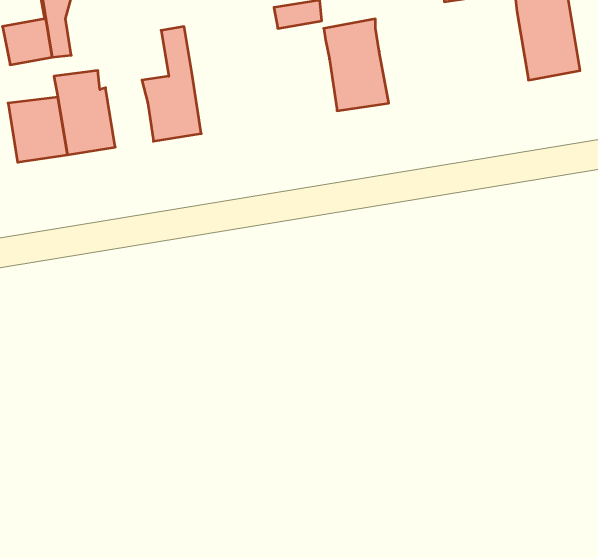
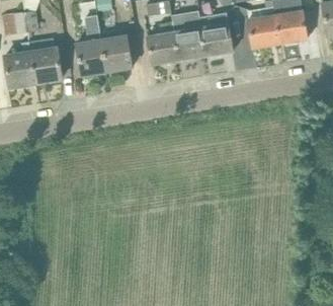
building: none -> [249,7,280,48]
building: none -> [199,11,233,56]
building: none -> [148,22,179,65]
building: none -> [102,35,133,72]

